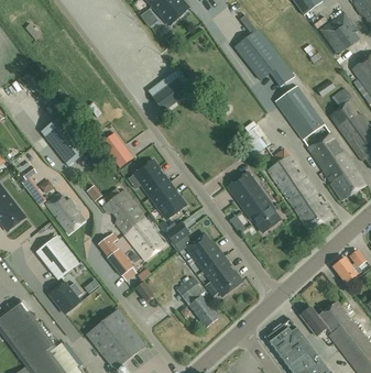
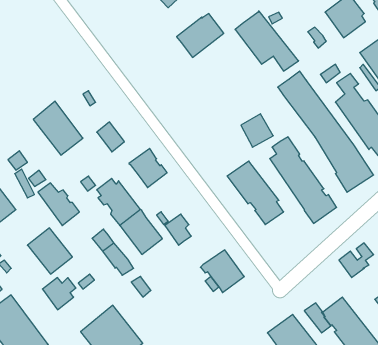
building: [148,68,193,110] -> [177,14,224,57]
building: [150,182,186,218] -> none
building: [185,233,223,270] -> none
building: [175,275,218,326] -> none

